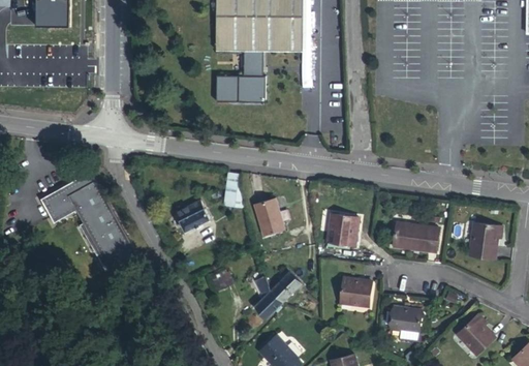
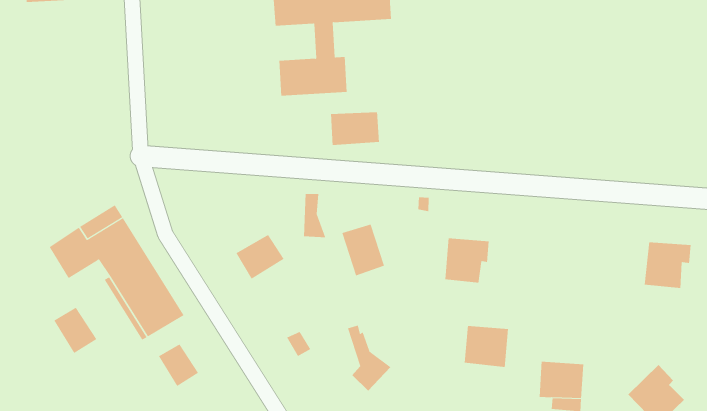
building: none -> [330,112,380,146]
building: [396,221,439,252] -> none
building: none -> [53,307,97,354]
building: [271,269,303,303] -> none
building: none -> [158,343,199,387]

